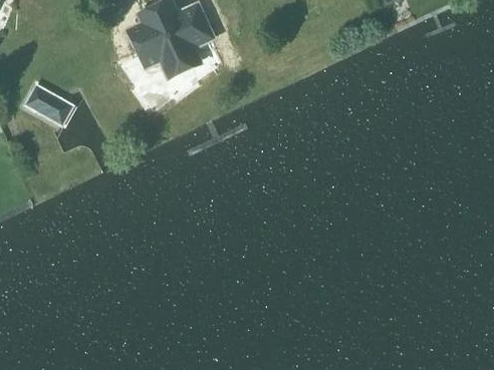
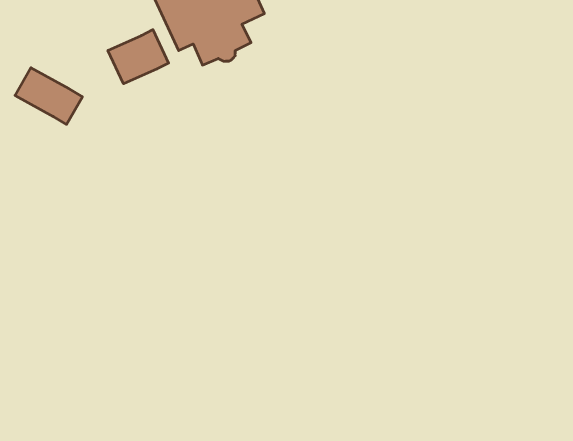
building: none -> [108,30,169,84]

